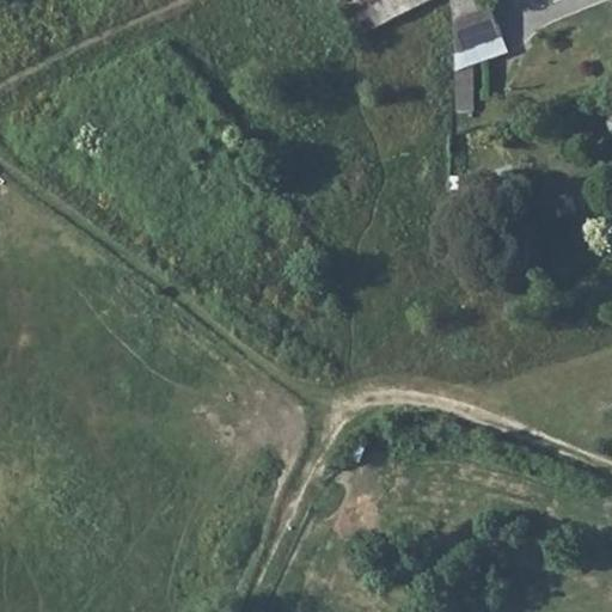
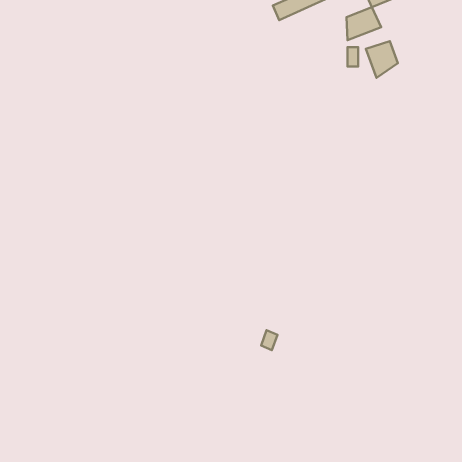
building: none -> [366,41,398,78]

